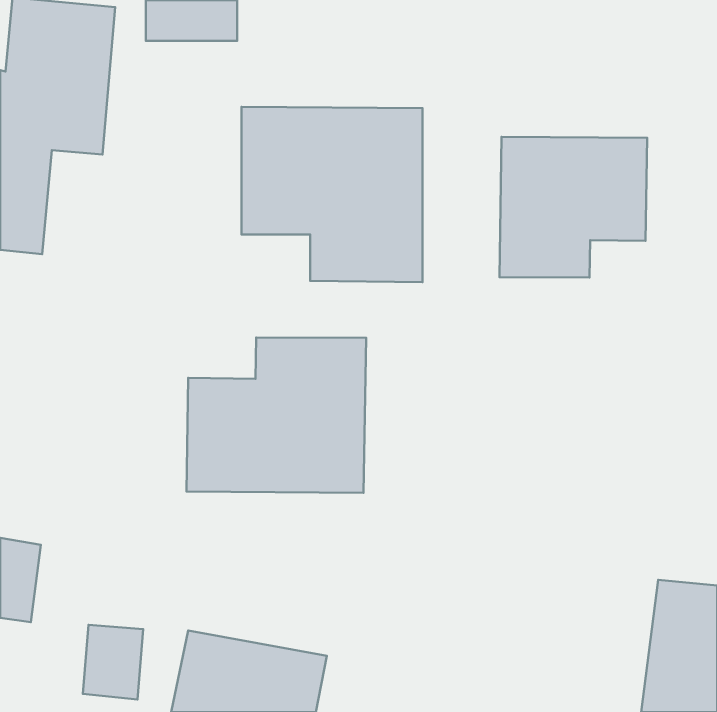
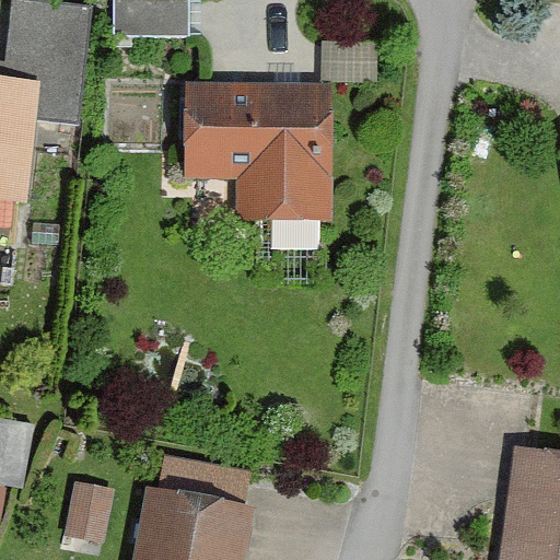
building: [499,137,647,277] -> none
building: [186,338,366,493] -> none

